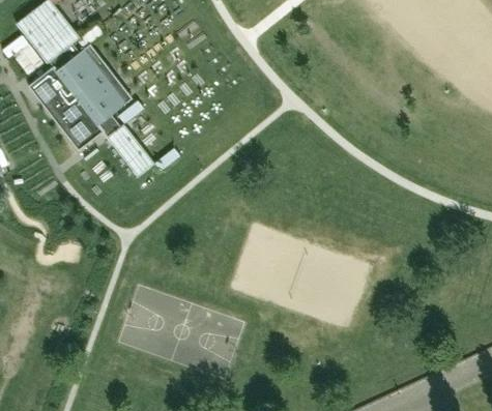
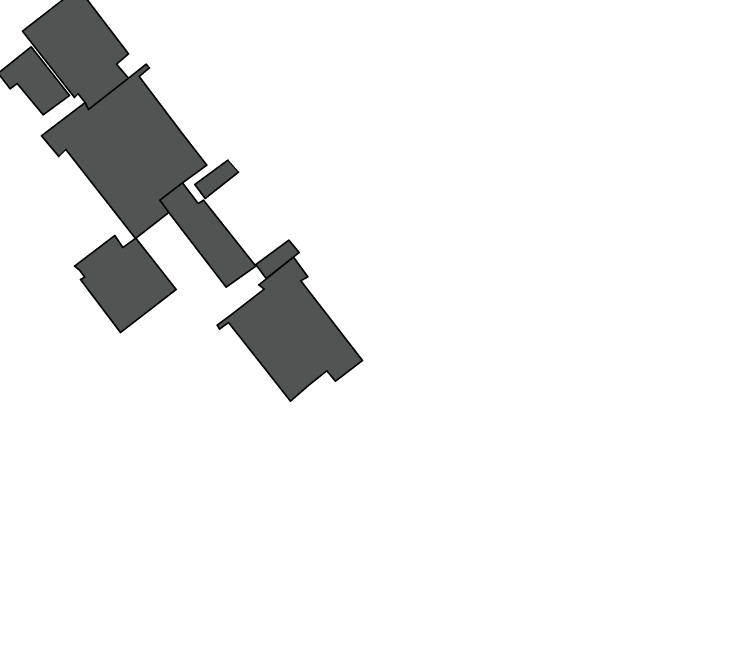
building: none -> [75,235,176,332]
building: none -> [217,257,362,401]

